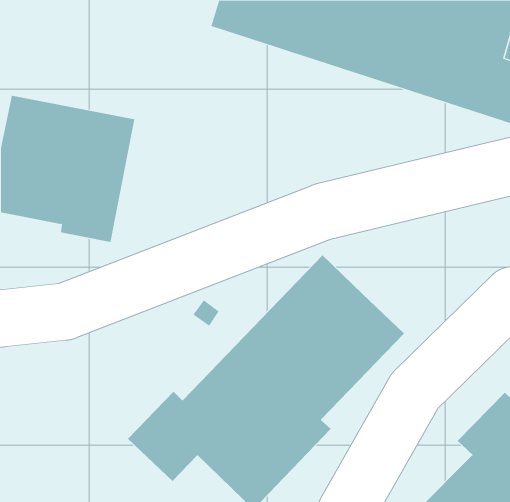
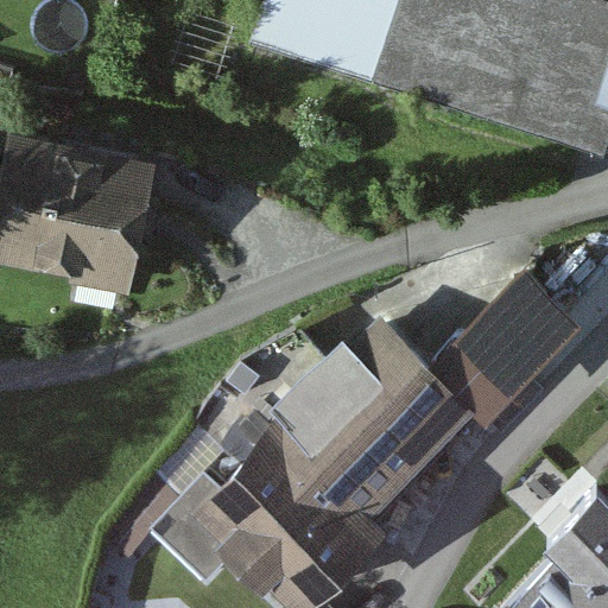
building: none -> [432,261,584,412]

